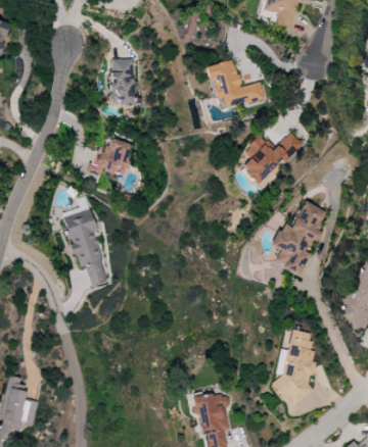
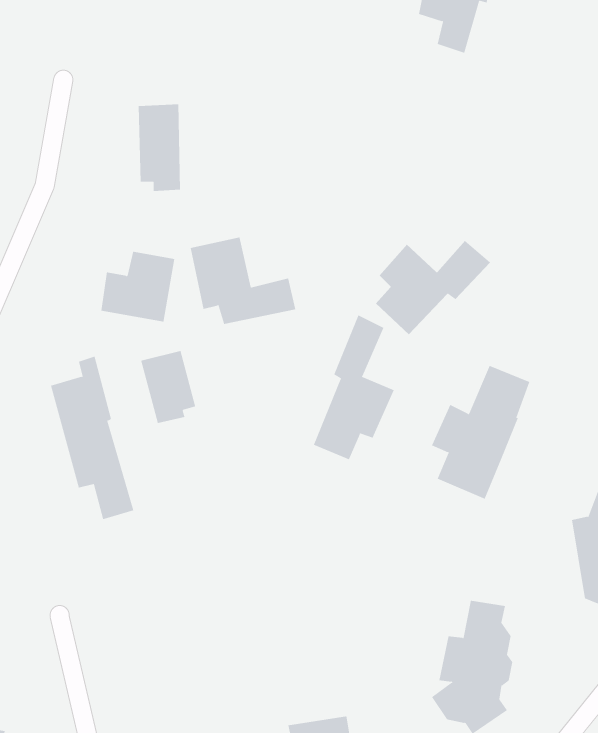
building: [206,59,265,107] -> [190,237,296,324]
building: none -> [313,315,394,460]
building: none -> [141,350,196,424]

